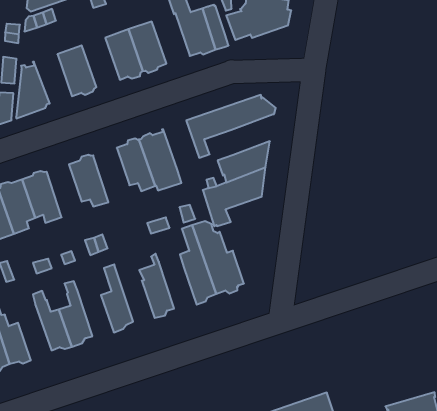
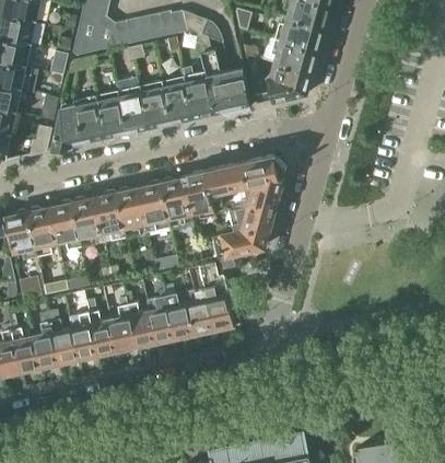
building: none -> [181,66,214,116]
building: none -> [116,77,149,132]
building: none -> [73,96,104,142]
building: none -> [241,173,284,206]
building: none -> [183,170,213,216]
building: none -> [117,187,147,235]
building: none -> [73,197,102,244]
building: none -> [163,283,195,338]
building: none -> [125,291,155,347]
building: none -> [89,310,117,356]
building: none -> [32,311,59,370]

